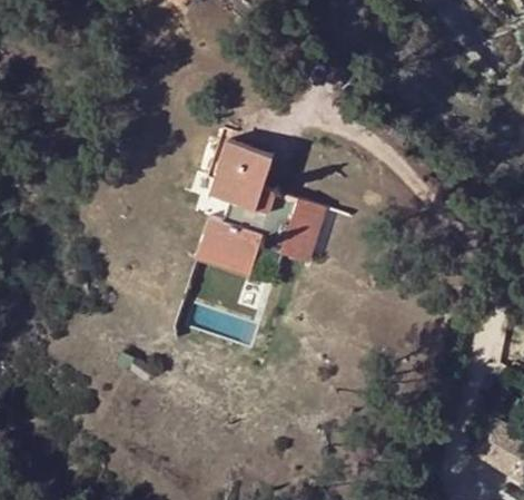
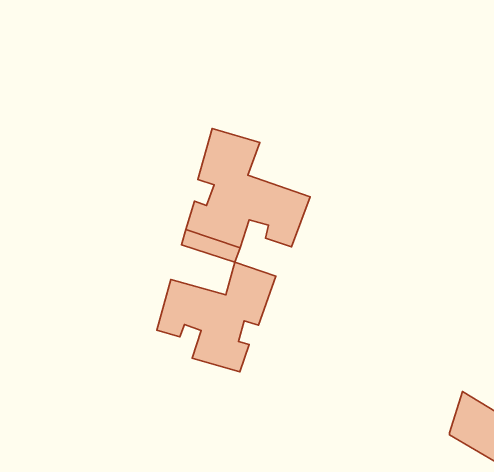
building: none -> [157,262,276,372]

